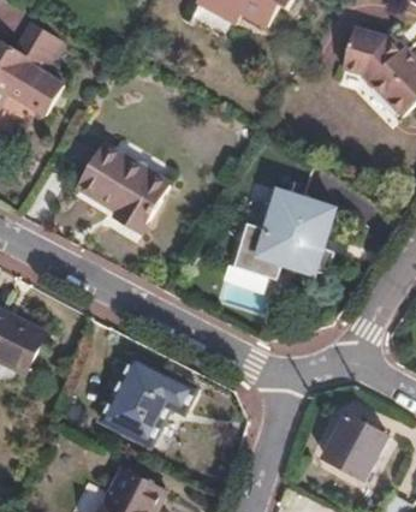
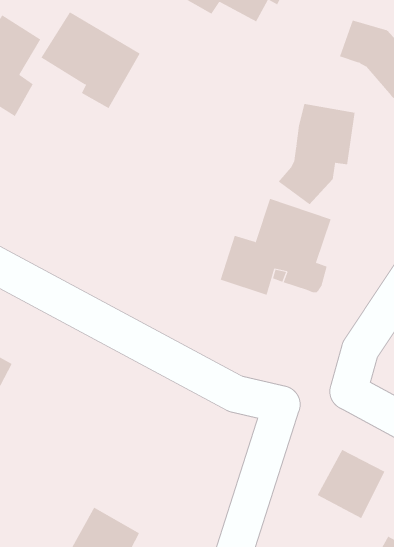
building: none -> [278,103,355,205]
building: [76,144,167,233] -> [41,12,140,109]
building: [97,355,194,448] -> none

